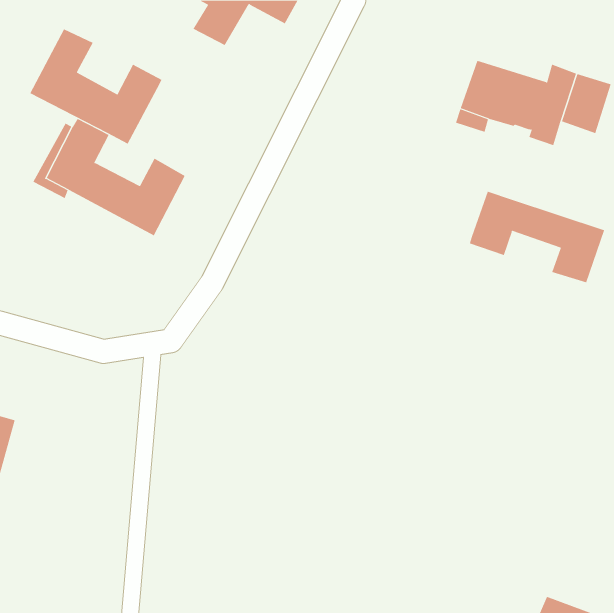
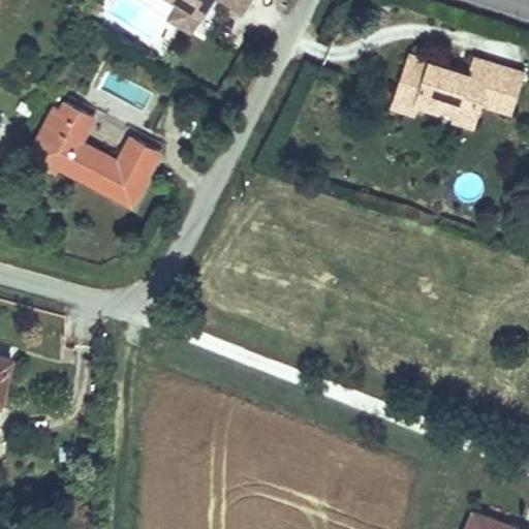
building: [30,29,162,144] -> none
building: [469,191,605,283] -> none

